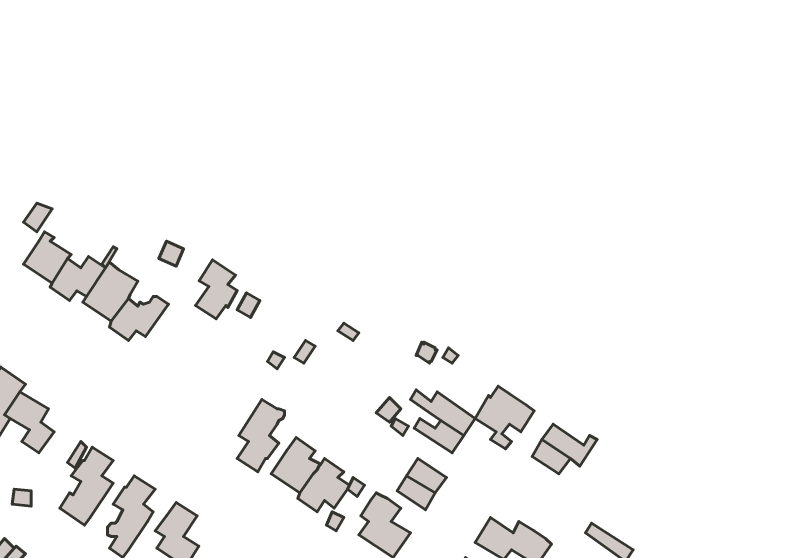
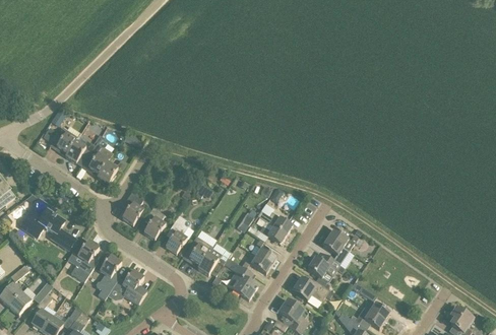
building: [195,260,237,319] -> [121,193,143,224]
building: none -> [143,207,166,240]
building: [475,386,534,449] -> [307,252,338,285]

